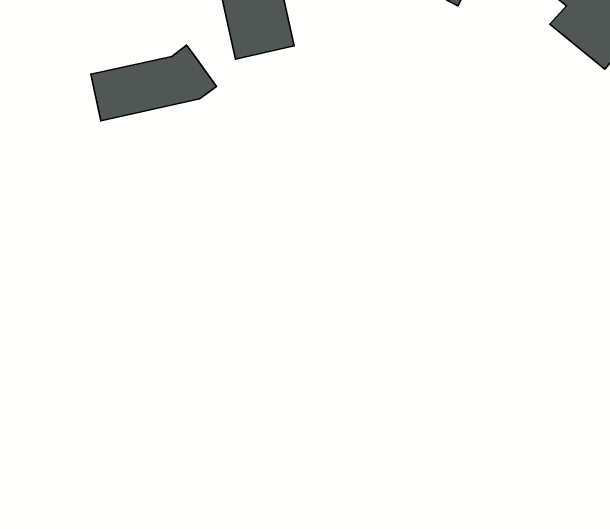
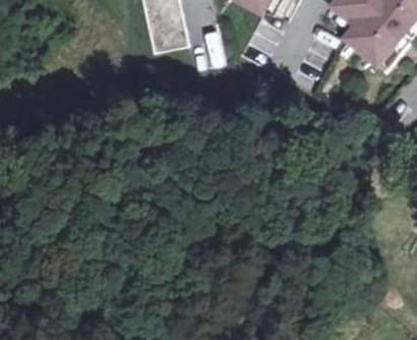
building: [91,45,217,121] -> none

